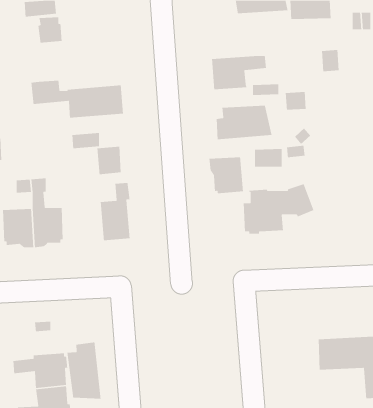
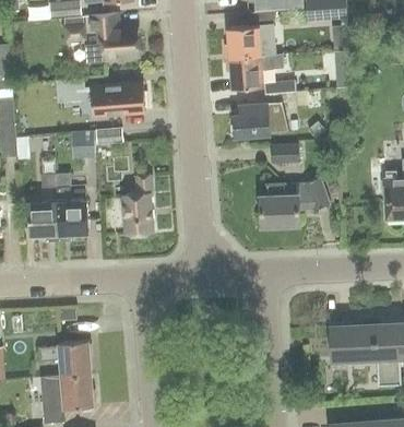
building: none -> [84,14,141,63]
building: none -> [226,25,275,58]
building: [96,146,121,175] -> [71,131,95,159]
building: [209,156,244,194] -> none
building: [66,341,101,400] -> none

